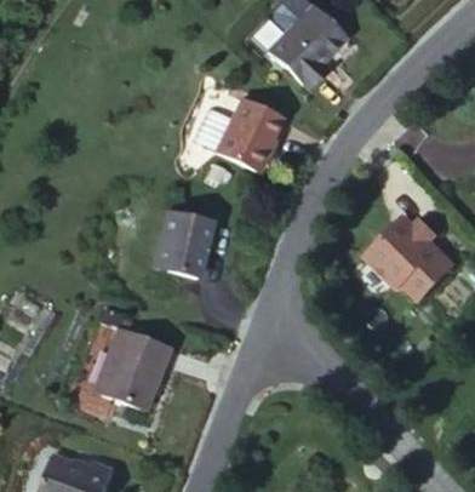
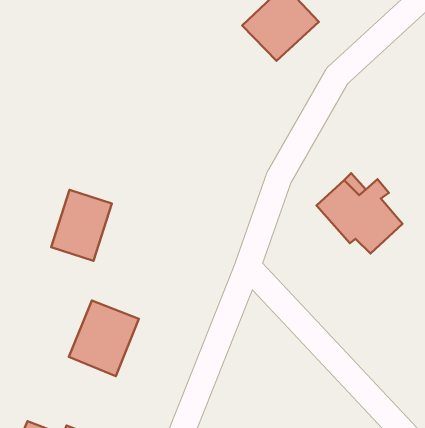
building: [219,98,287,173] -> none
building: [148,206,212,281] -> [51,190,112,261]

